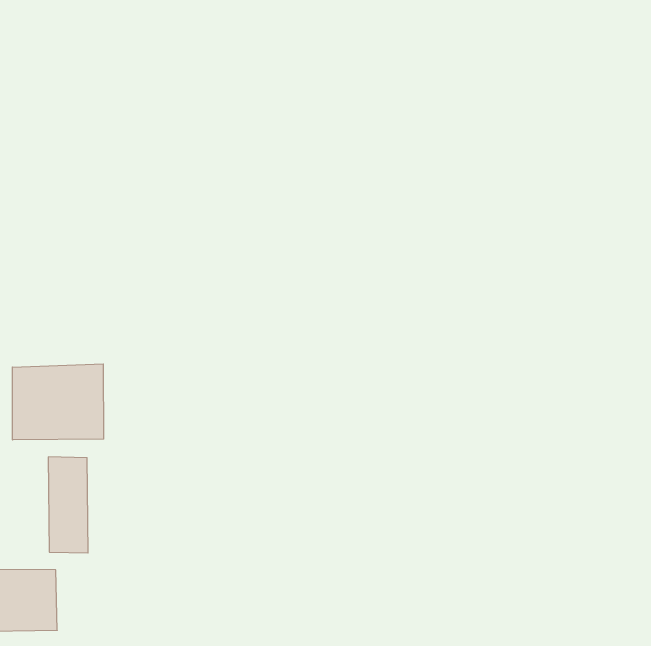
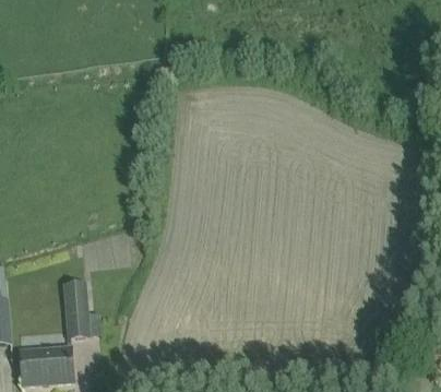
building: [12,364,104,440] -> none

